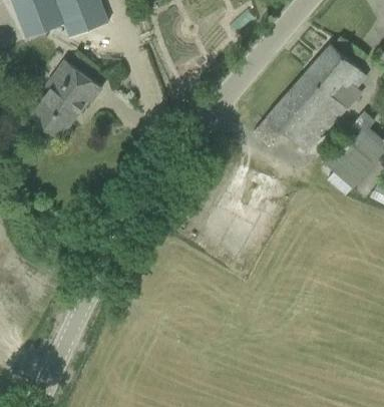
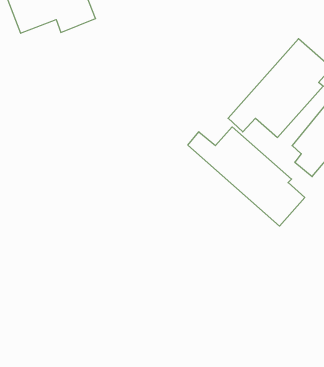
building: [30,60,102,138] -> none
building: none -> [188,127,305,226]

